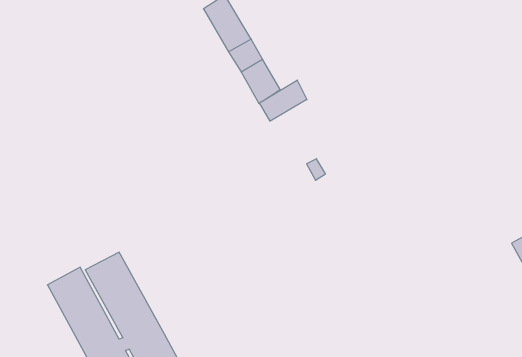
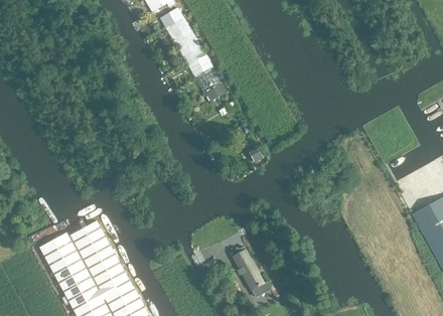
building: [260,80,307,121] -> none
building: none -> [232,246,266,291]

